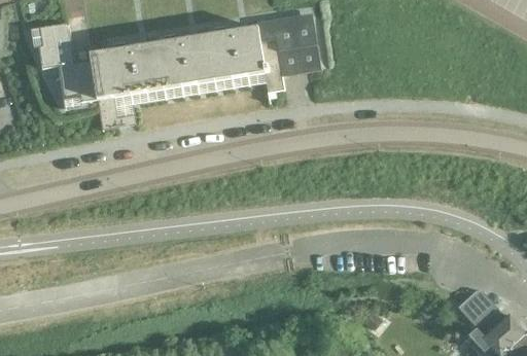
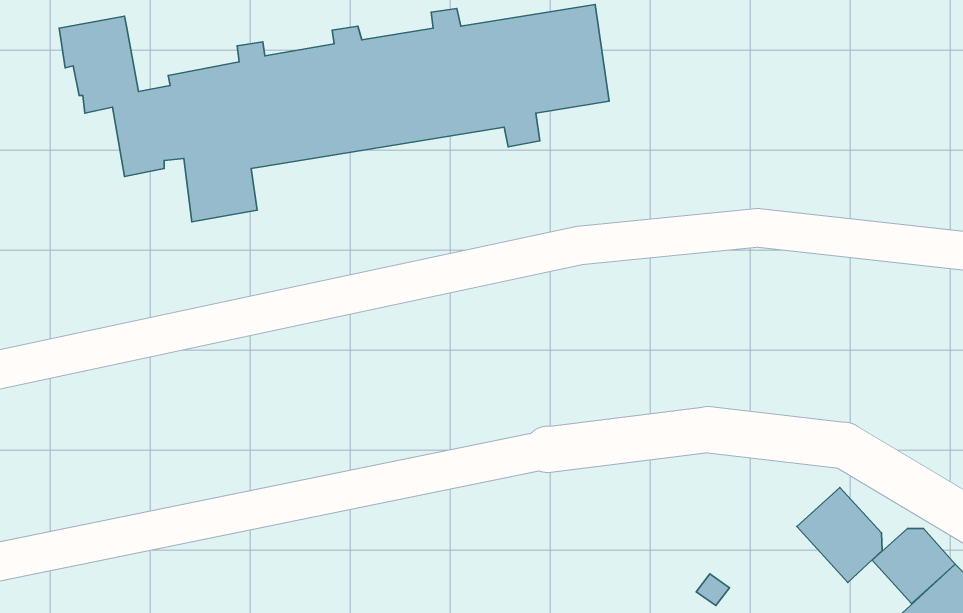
building: none -> [797,488,882,583]

